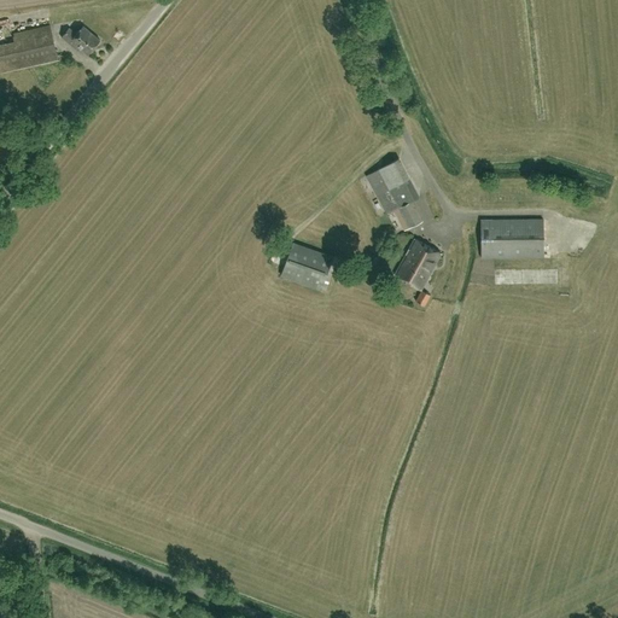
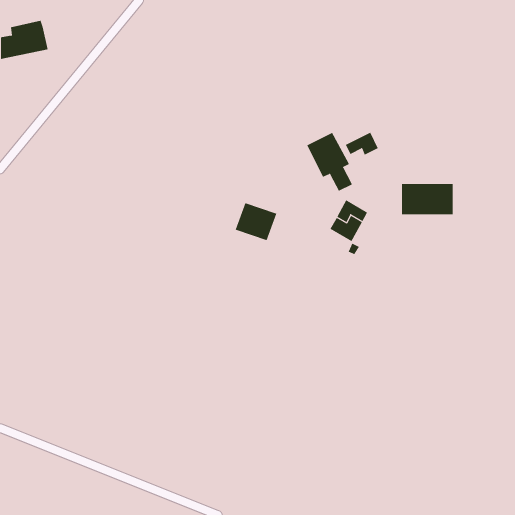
building: [62,25,100,54] -> none
building: none -> [345,132,378,156]

